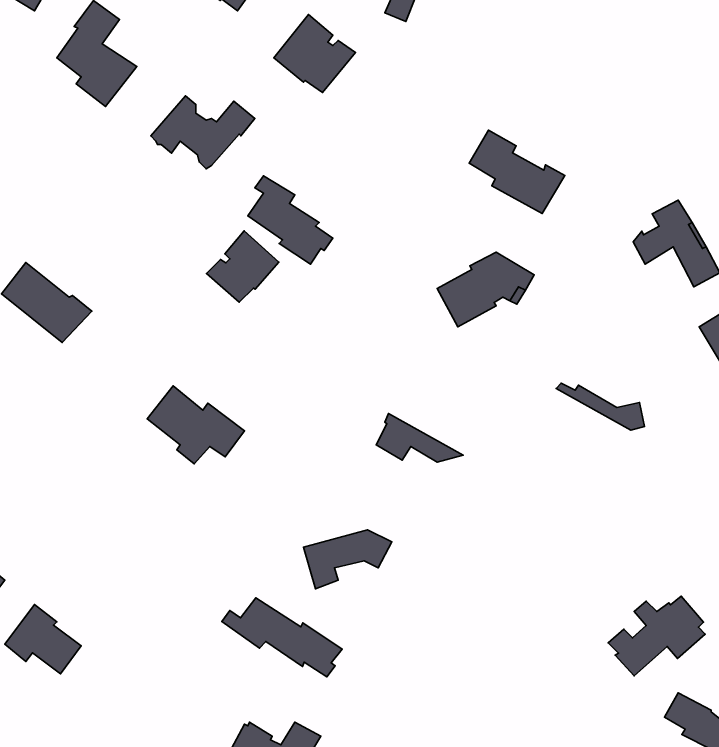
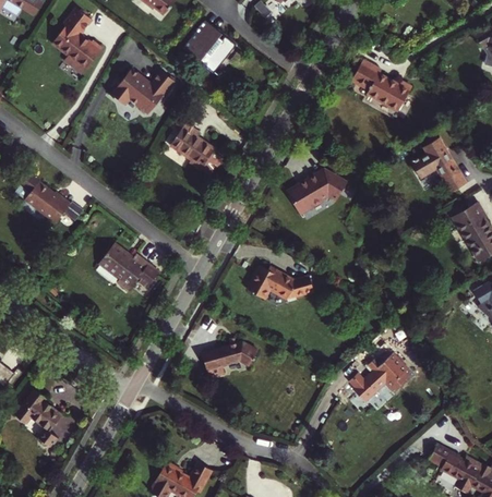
building: [469,130,565,214] -> [353,60,413,112]
building: [206,231,279,302] -> none
building: [556,383,645,430] -> [256,266,312,295]
building: [608,596,705,676] -> [349,352,410,402]
building: [222,598,342,677] -> none

